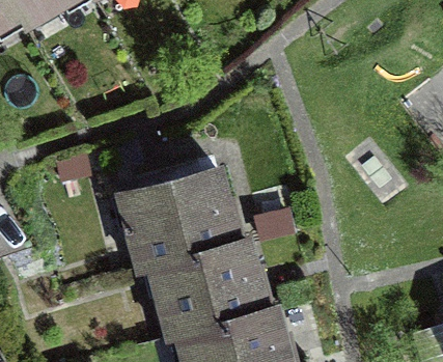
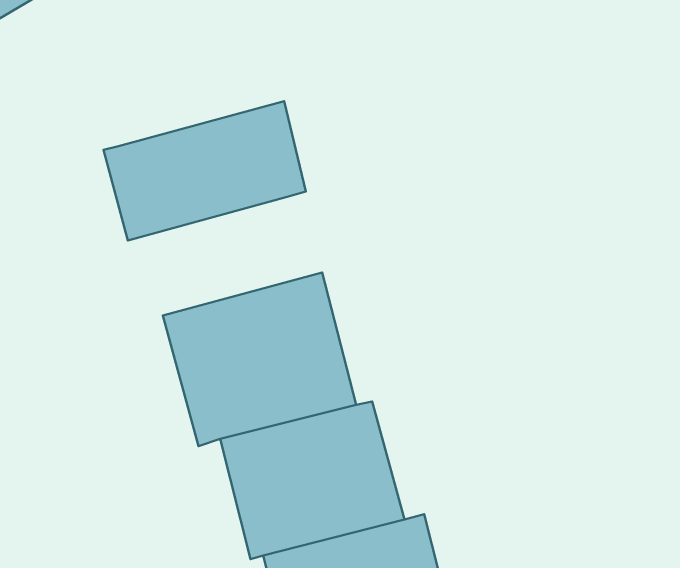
building: none -> [103,101,306,240]

